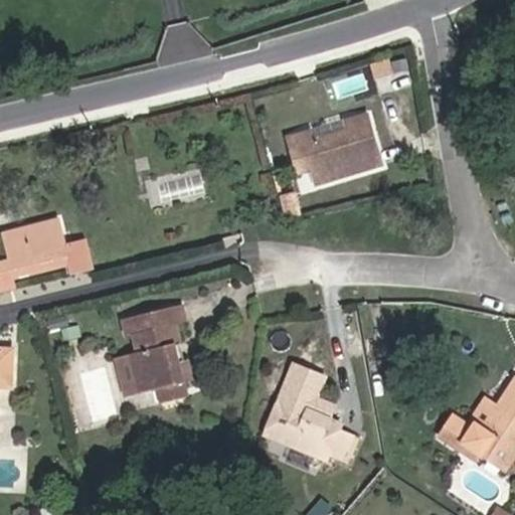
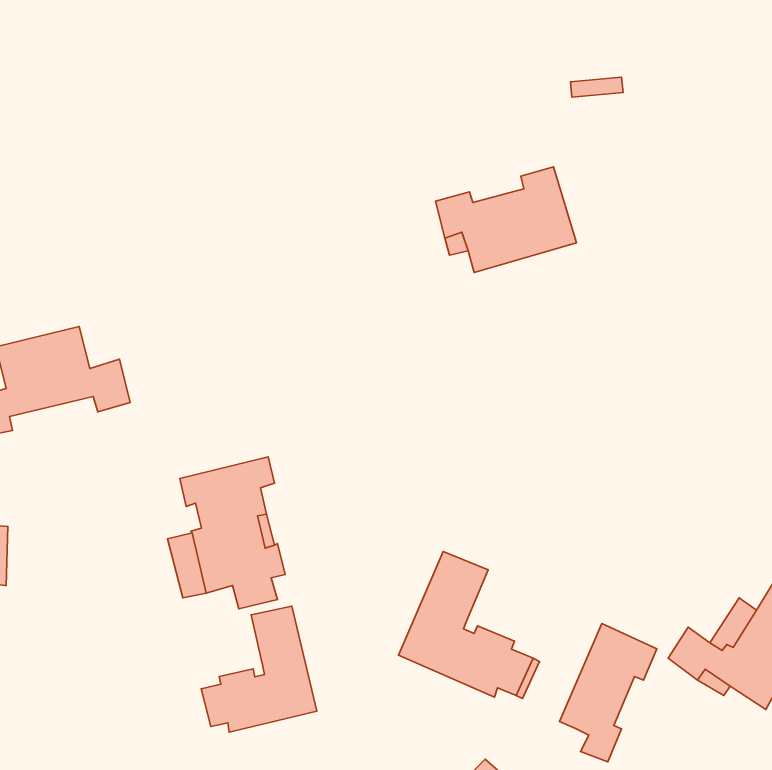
building: none -> [201,606,317,732]
building: none -> [560,624,657,762]

